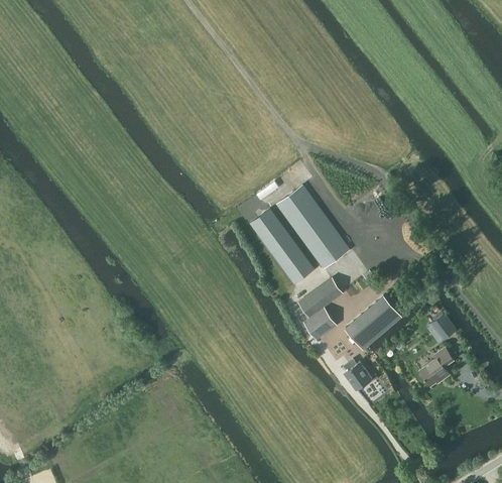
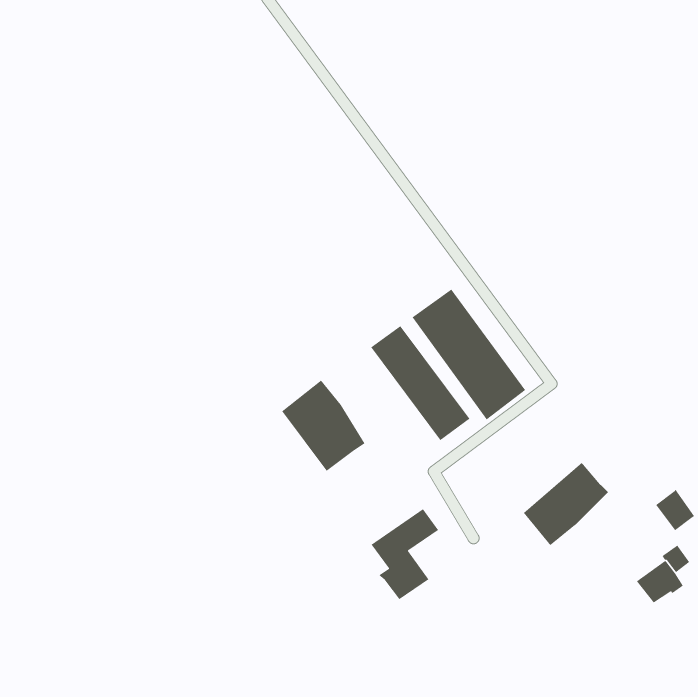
building: none -> [281,379,366,472]
building: [298,278,342,337] -> [371,508,439,600]
building: [343,359,371,389] -> none

